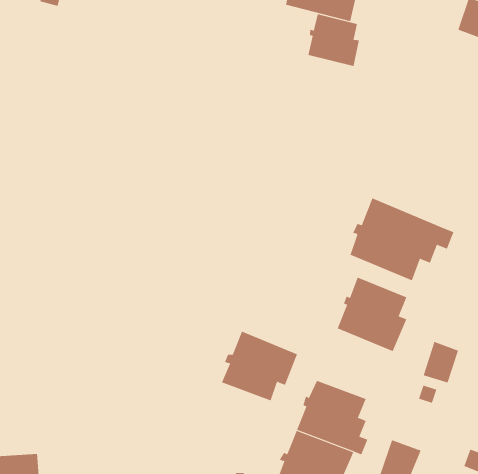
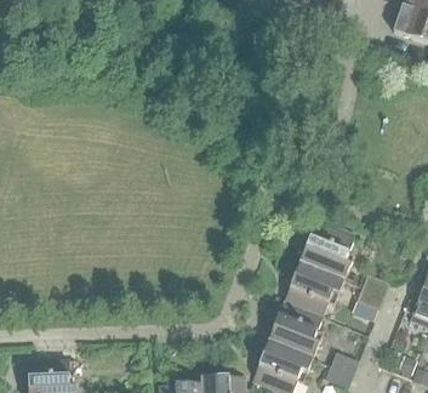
building: [308,14,359,67] -> none
building: [350,198,454,281] -> none
building: [221,331,298,401] -> [284,262,343,317]

